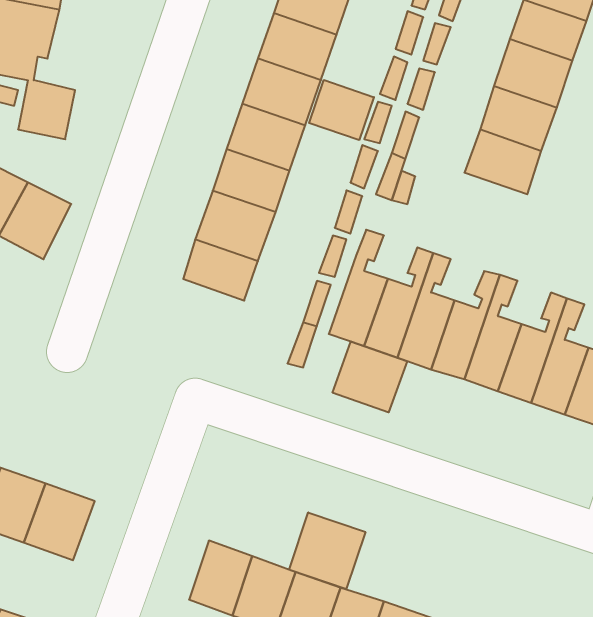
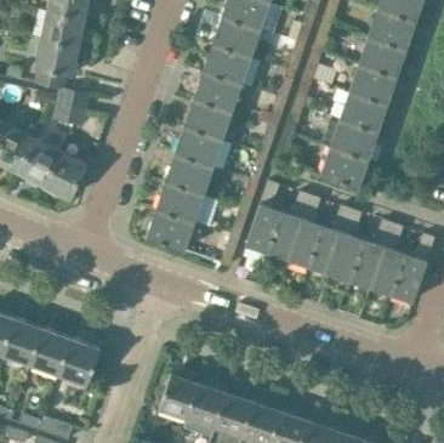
building: [309,80,374,140] -> none
building: none -> [320,147,369,189]
building: none -> [147,212,194,252]
building: [333,341,407,412] -> none
building: [289,512,365,589] -> none

